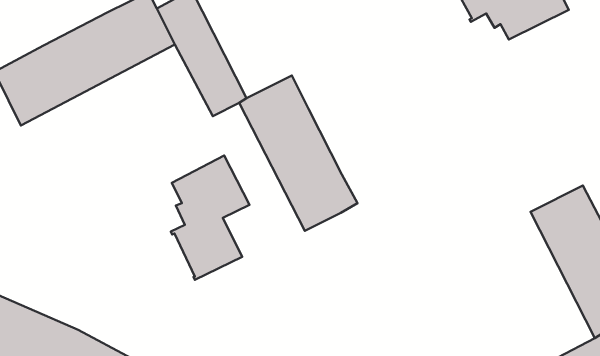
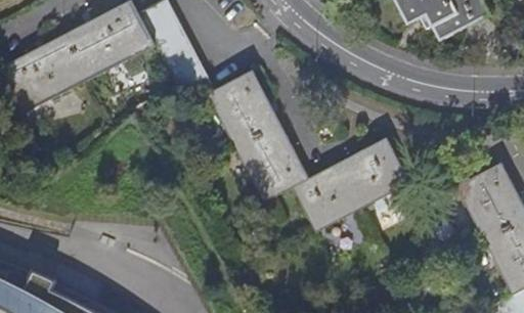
building: [171,156,250,280] -> none
building: none -> [295,140,410,233]

